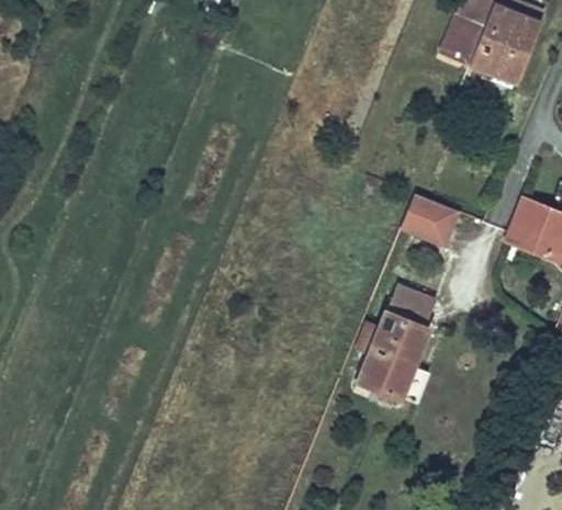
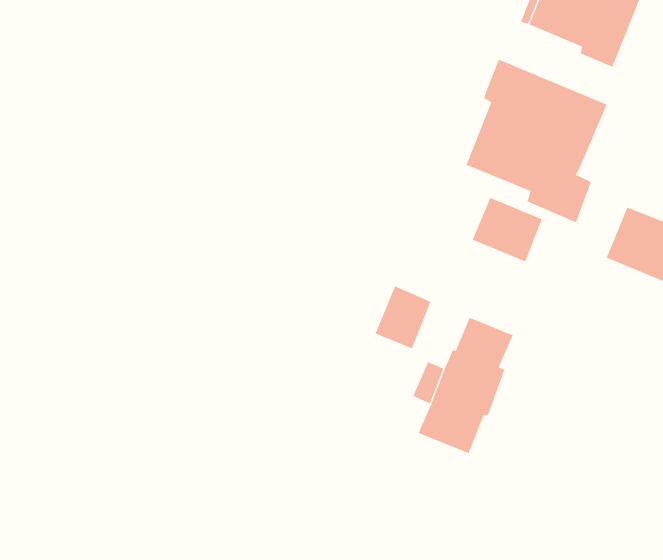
building: none -> [466,59,607,223]
building: none -> [375,286,431,349]

